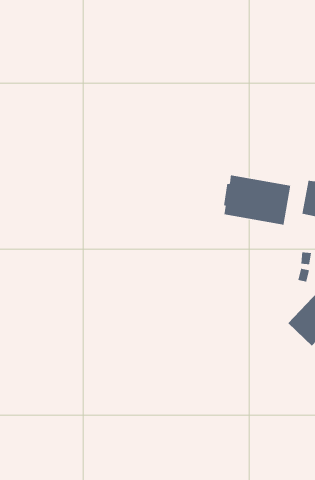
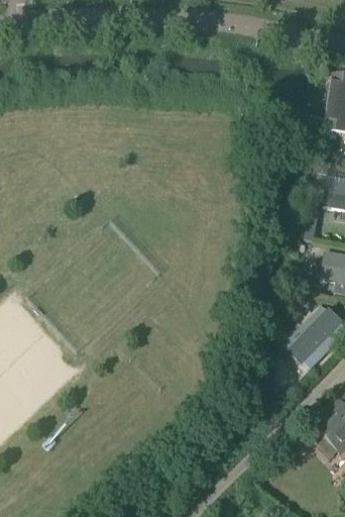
building: [223,174,291,225] -> none

